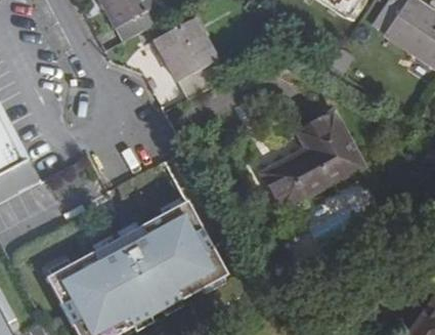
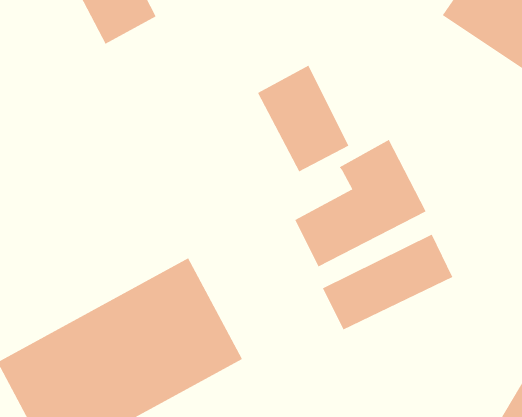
building: [156,20,223,99] -> [257,65,349,172]

